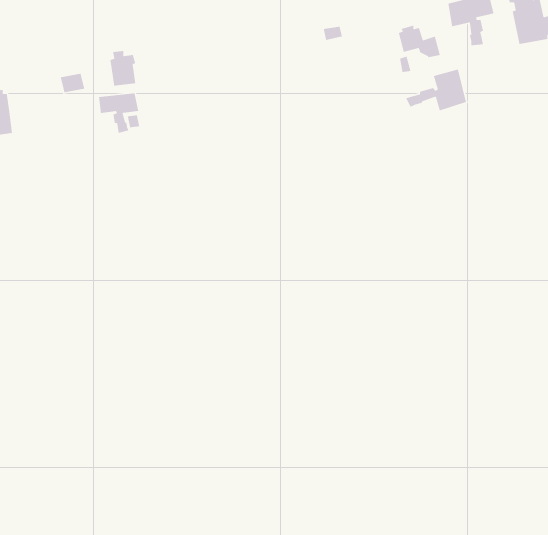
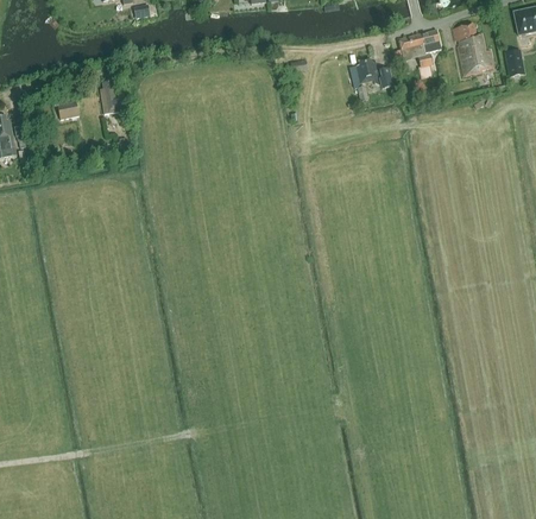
building: [405,69,467,111] -> none
building: [98,92,139,134] -> none

